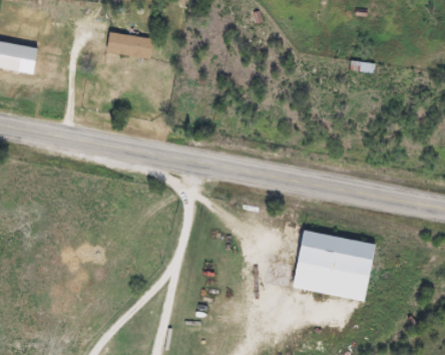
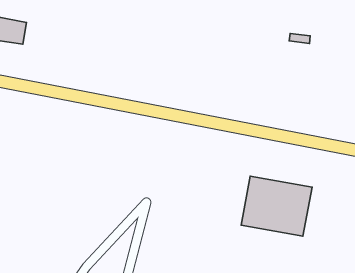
building: [106,32,153,58] -> none

